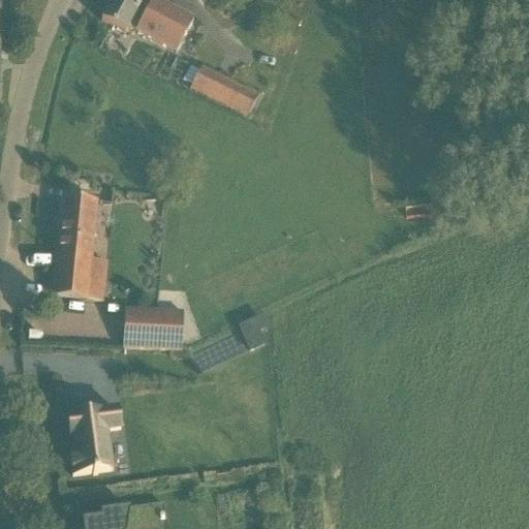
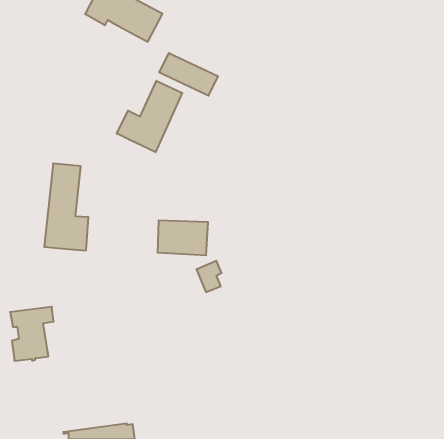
building: none -> [117,81,182,152]
building: [123,306,183,347] -> [158,220,208,255]
building: [70,407,122,471] -> [10,307,54,361]

